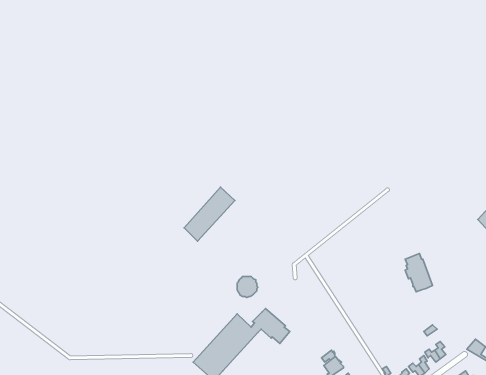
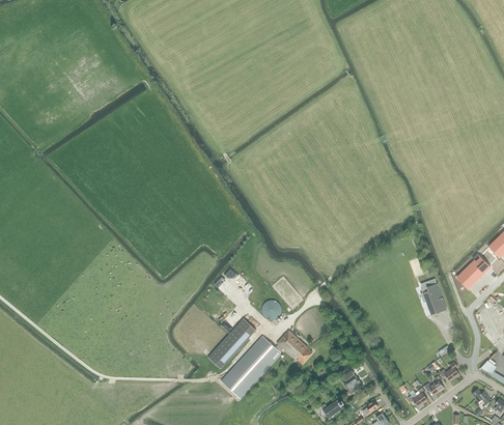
building: [184,187,235,241] -> [207,317,255,368]
building: none -> [456,255,489,288]

